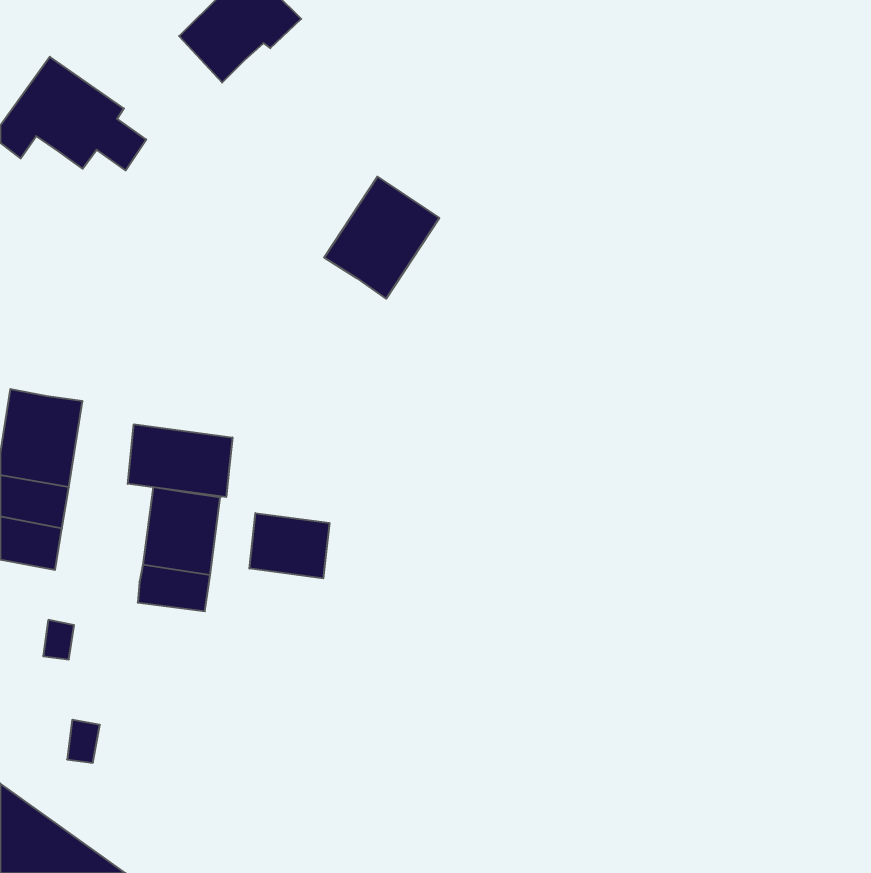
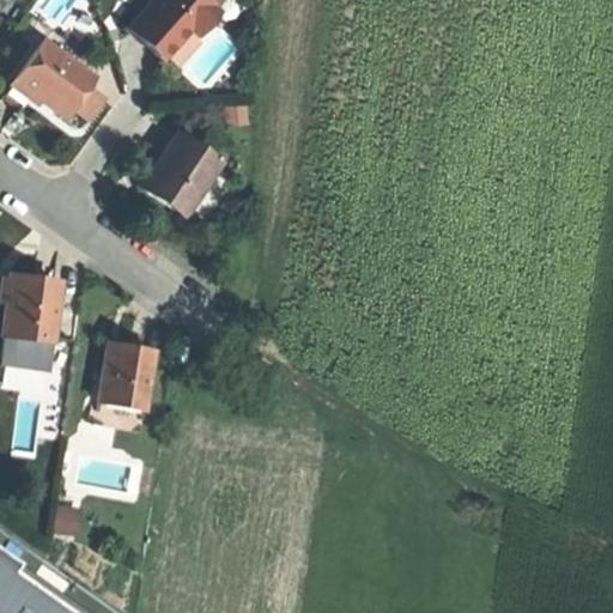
building: [324,177,439,299] -> [145,132,225,217]
building: [128,424,232,497] -> none
building: [249,513,329,578] -> none

